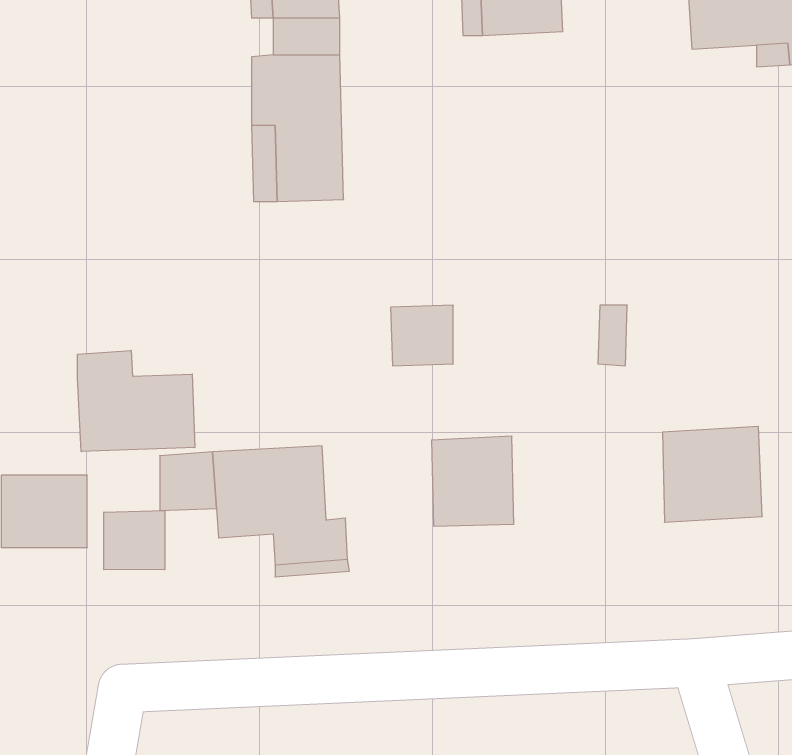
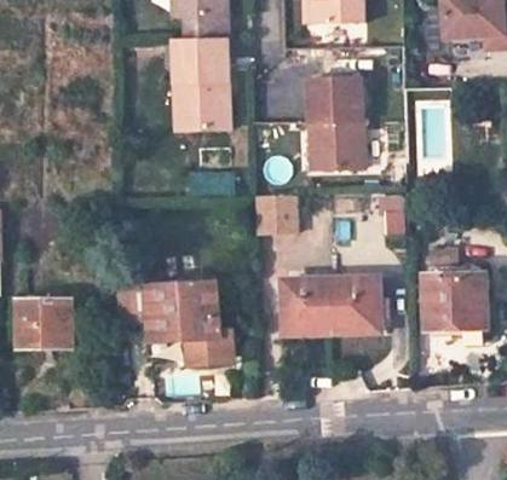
building: none -> [310,81,362,173]
building: [77,350,195,452] -> none
building: none -> [333,277,380,331]
building: [104,510,165,570] -> none

